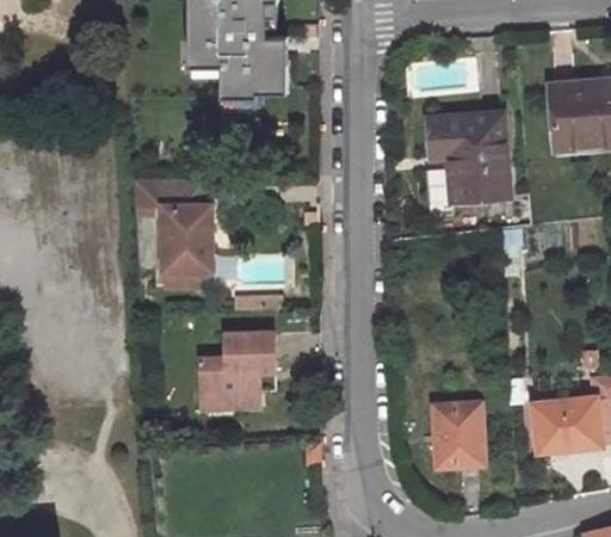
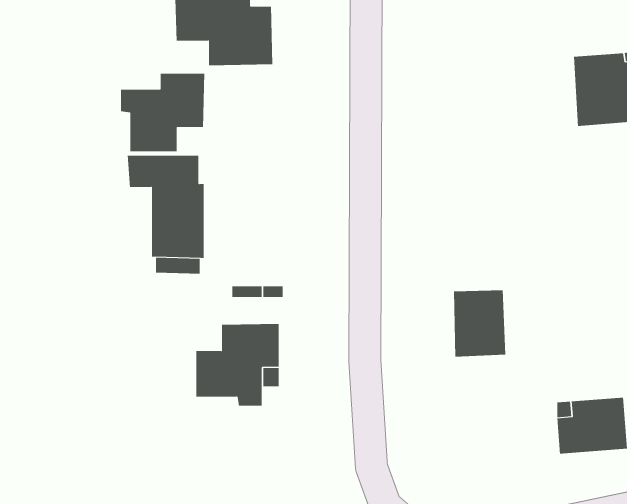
building: none -> [121,73,205,152]
building: [424,117,502,204] -> none
building: [434,405,483,467] -> [453,290,506,357]

